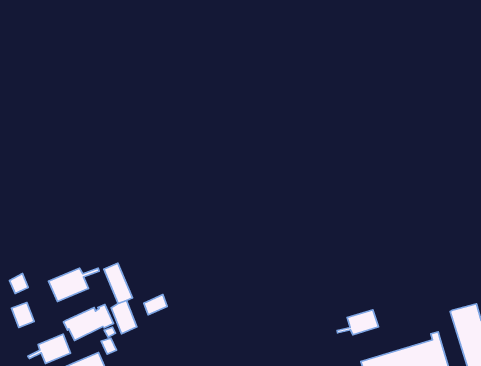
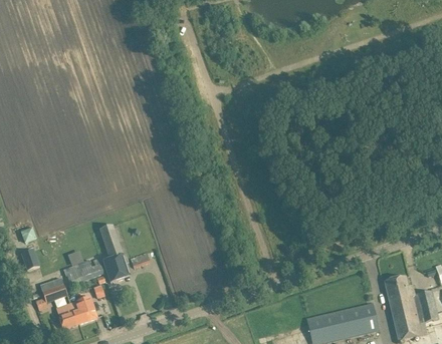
building: [49,268,99,301] -> none
building: [337,310,379,335] -> none

